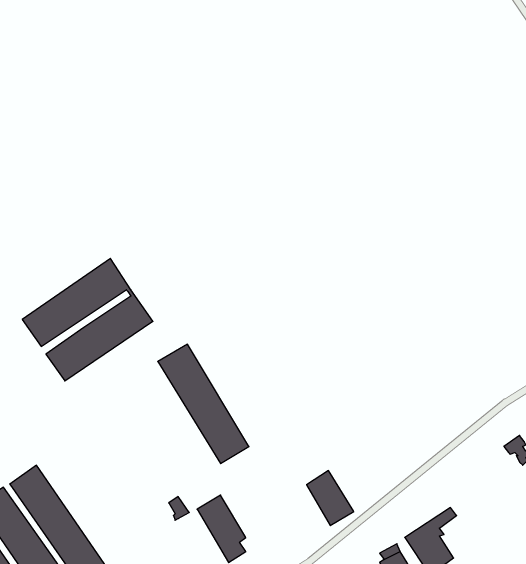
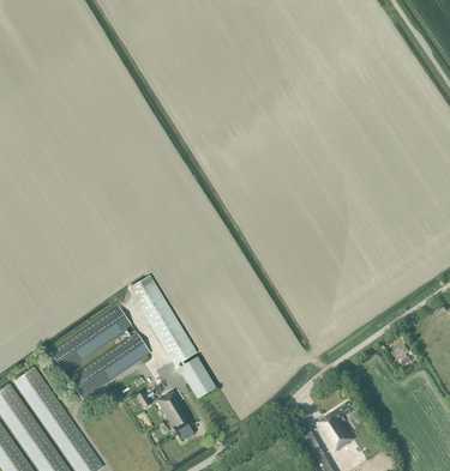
building: [22,258,153,381] -> [50,304,150,398]
building: [307,471,354,526] -> [180,356,216,398]

